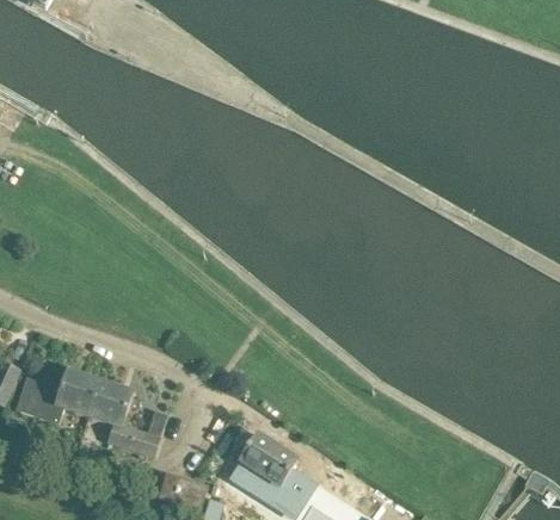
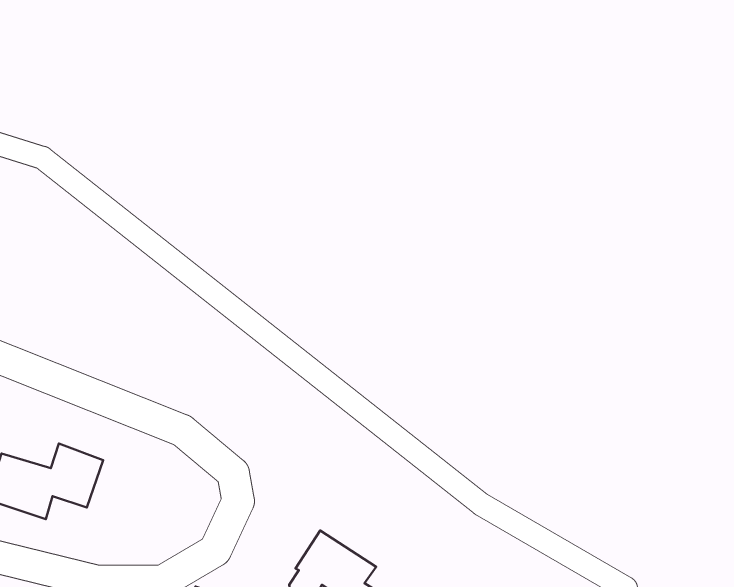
building: [87,382,161,456] -> none

